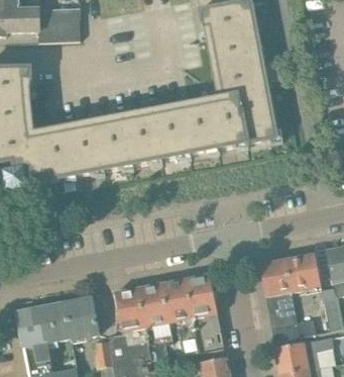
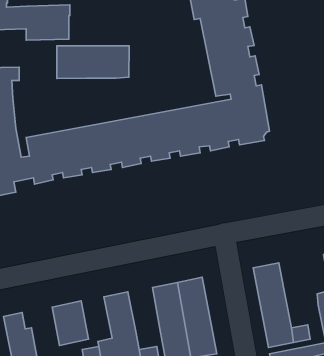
building: none -> [57,46,129,79]
building: [284,254,321,291] -> none
building: [137,283,168,327] -> none
building: [34,302,71,344] -> none

